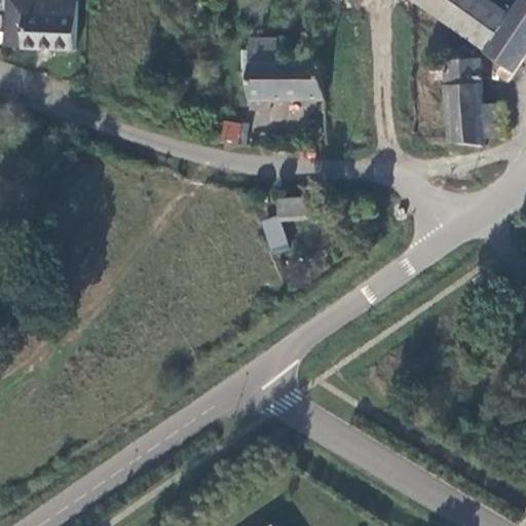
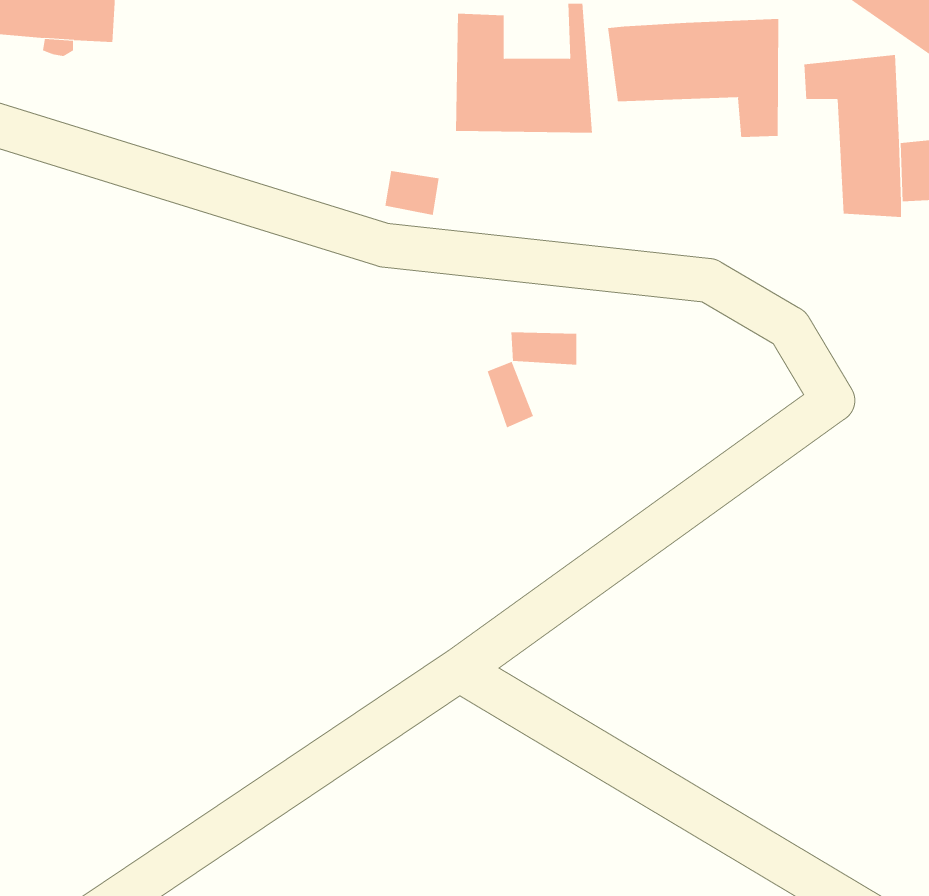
building: none -> [607,18,779,138]

